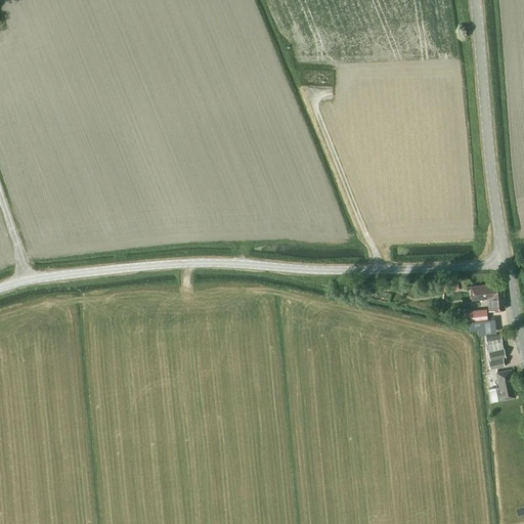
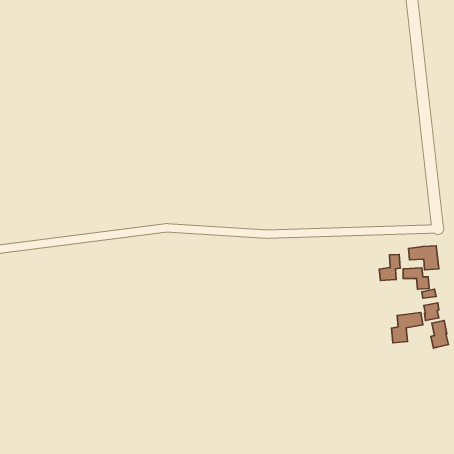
building: none -> [379,255,400,281]
building: none -> [391,313,423,343]

